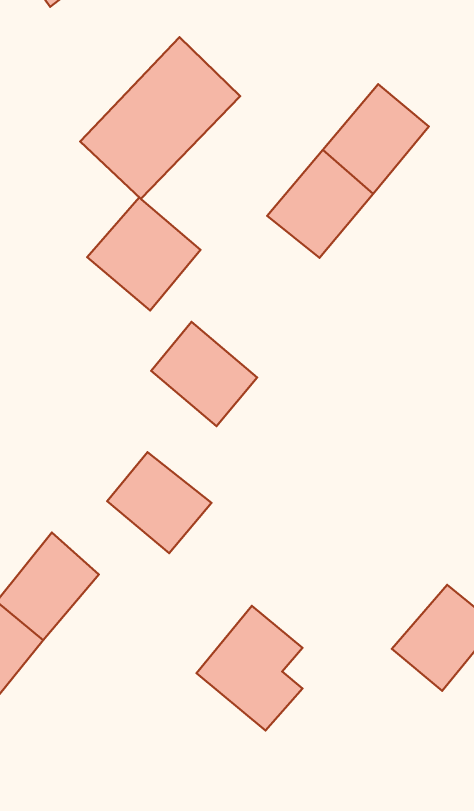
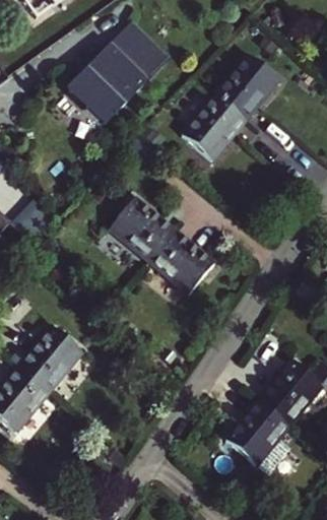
building: [87,197,201,311] -> none
building: [107,452,211,553] -> [152,233,215,294]
building: [196,606,302,730] -> [224,396,288,471]

